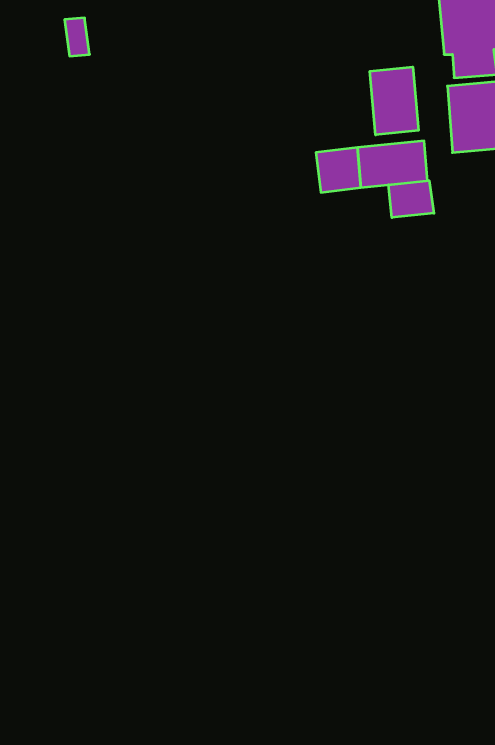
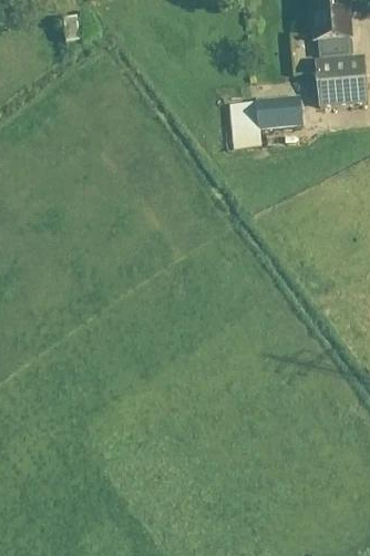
building: [370,67,418,135] -> none
building: [389,181,434,218] -> none

